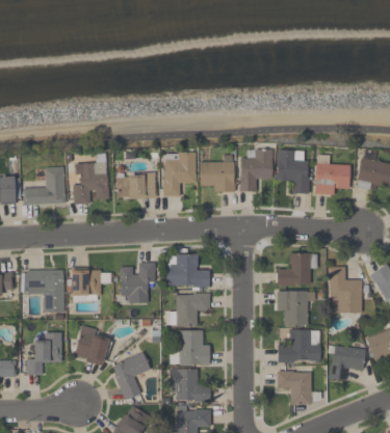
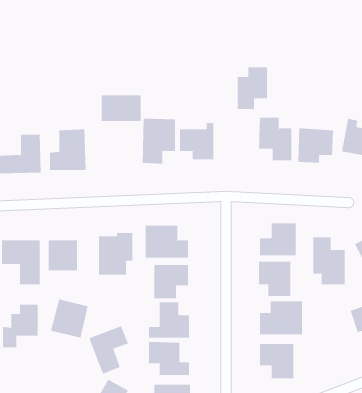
building: [241,148,271,190] -> [237,67,268,110]
building: [118,171,157,197] -> [101,95,141,122]
building: [331,347,365,380] -> none

